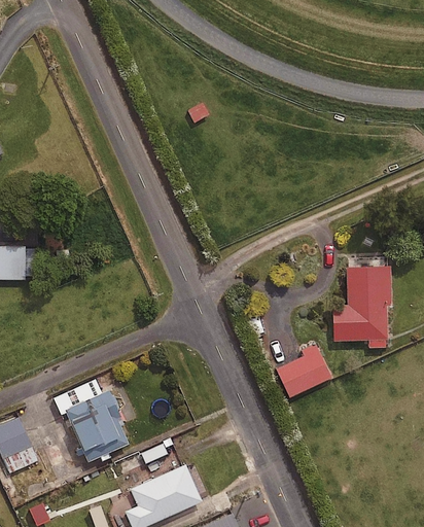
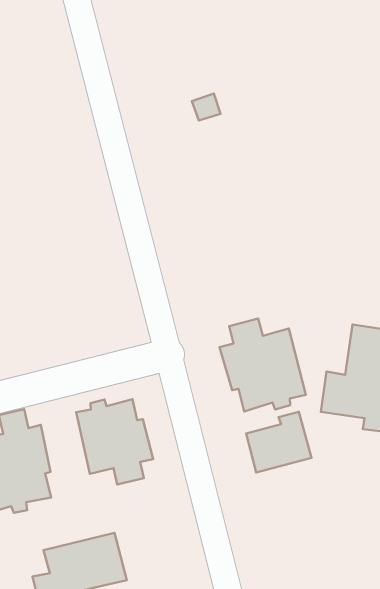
building: none -> [220,318,306,411]
building: none -> [76,399,153,484]

